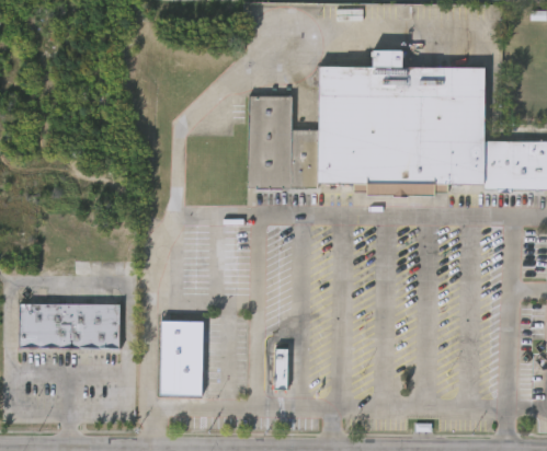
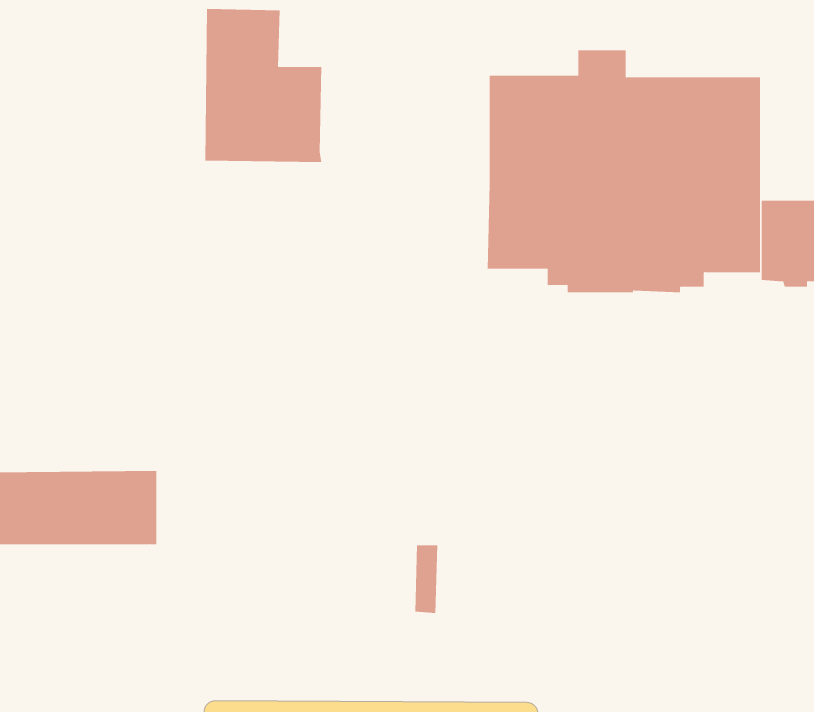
building: [248,95,319,188] -> [204,8,322,163]
building: [160,320,204,396] -> none

